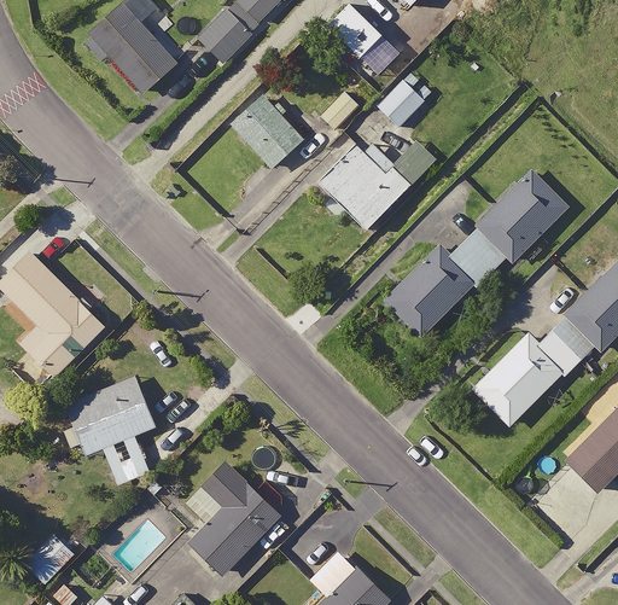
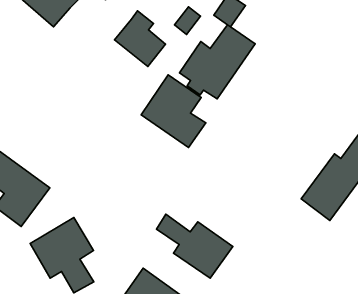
building: [383,169,567,338] -> none
building: none -> [141,75,206,147]
building: none -> [156,214,233,278]

